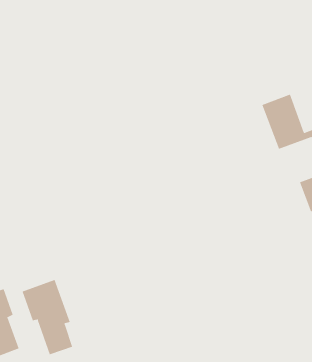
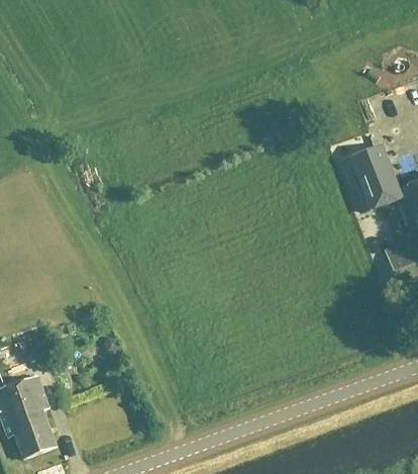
building: [22,279,73,355] -> none

